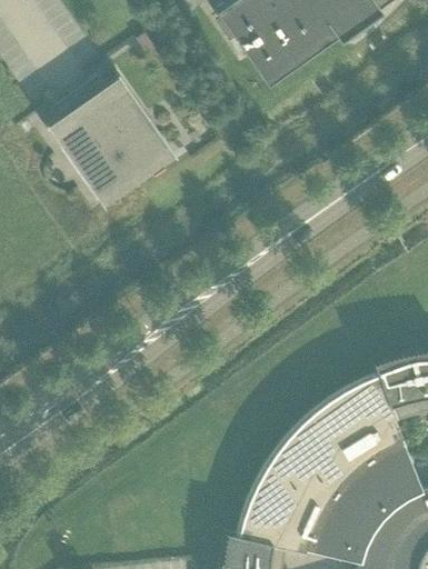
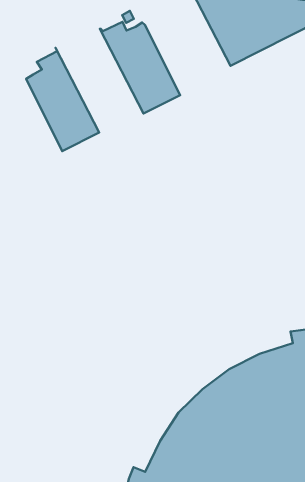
building: [78,79,175,177] -> [100,22,180,114]

